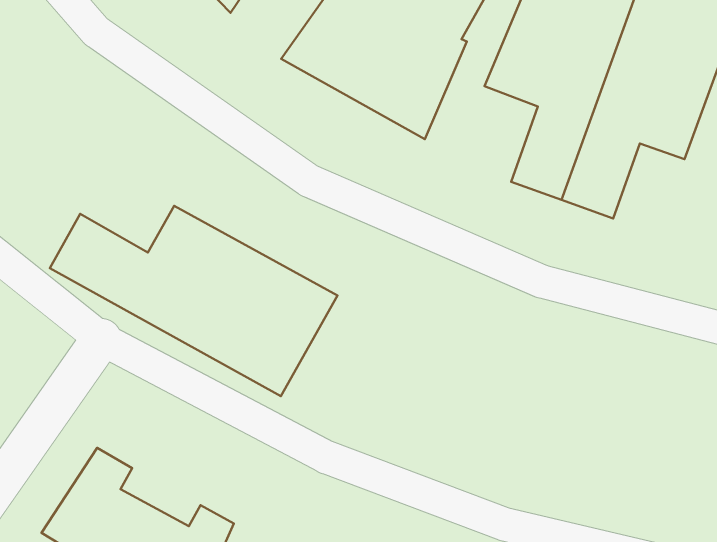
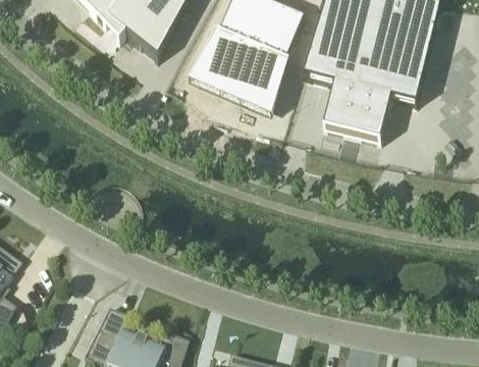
building: [50,206,337,396] -> none

